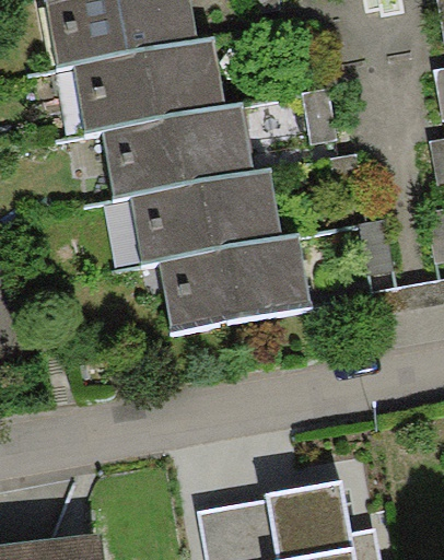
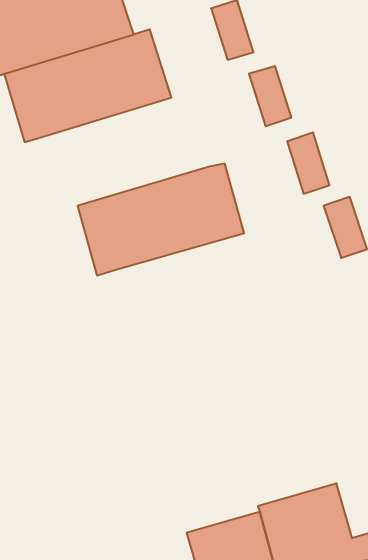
building: [101,106,257,202] -> none
building: [159,240,313,337] -> none

